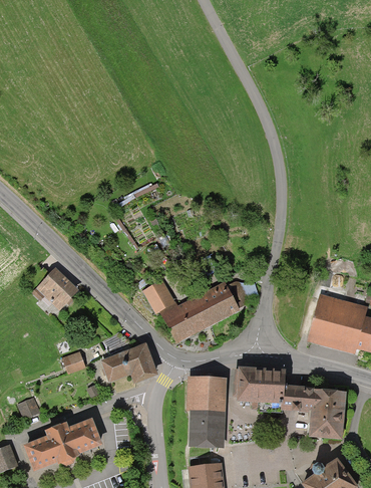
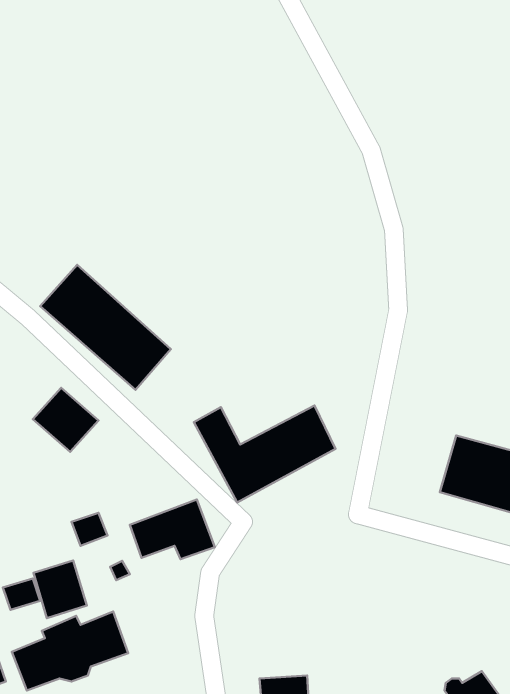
building: none -> [40,265,171,390]
building: [237,365,347,439] -> none
building: [189,376,226,448] -> none
building: none -> [33,560,87,618]

